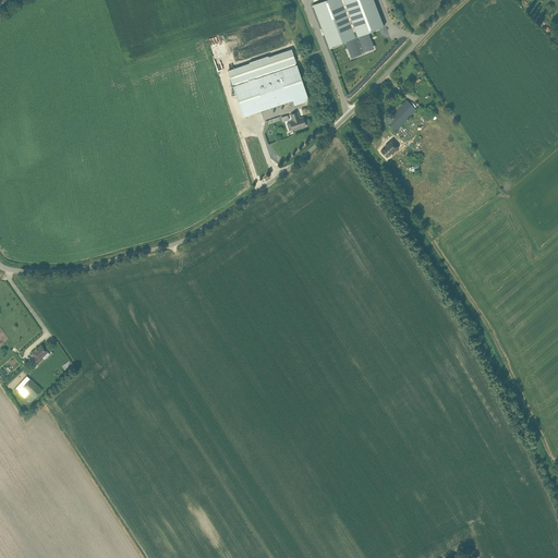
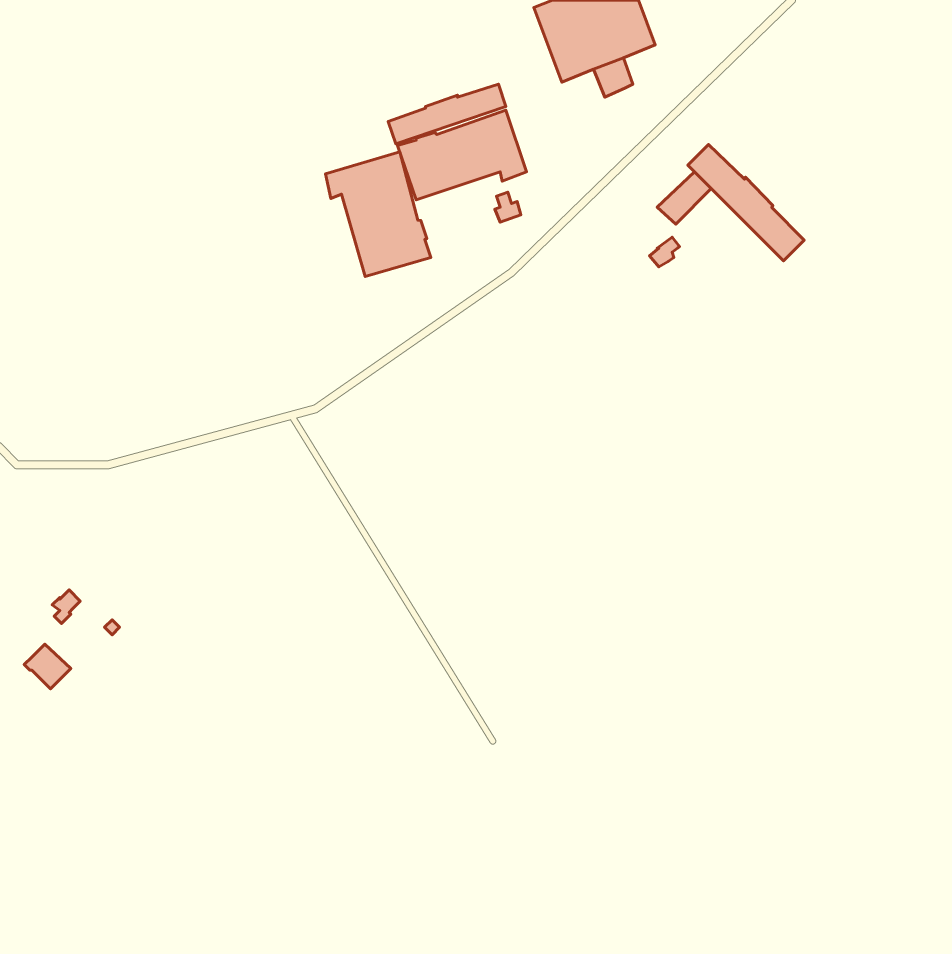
building: none -> [688,145,804,261]
building: none -> [325,152,431,276]

